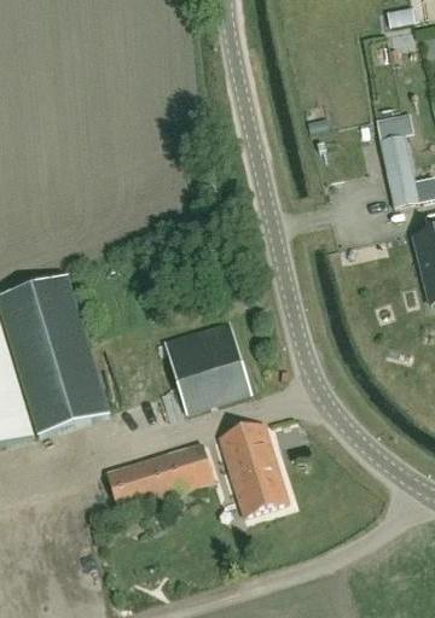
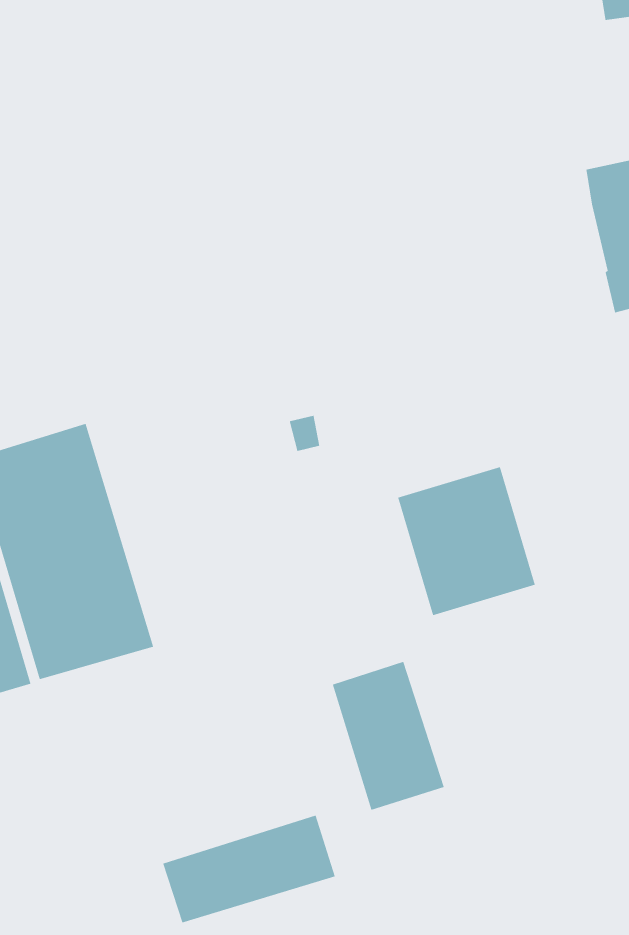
building: [164,319,250,412] -> [397,466,536,616]
building: [106,439,214,507] -> [162,814,336,924]

